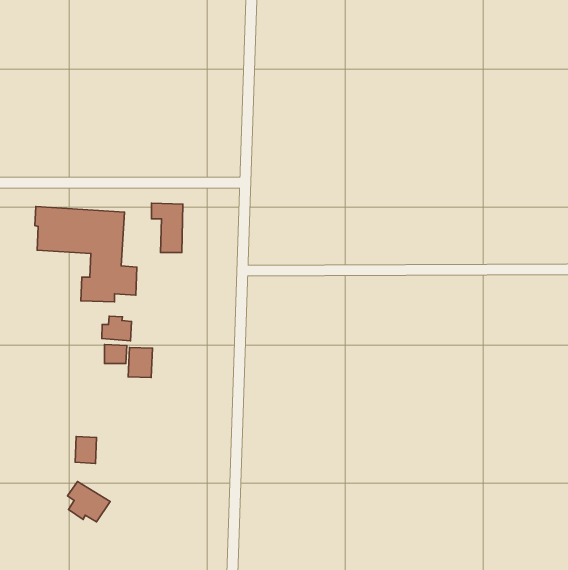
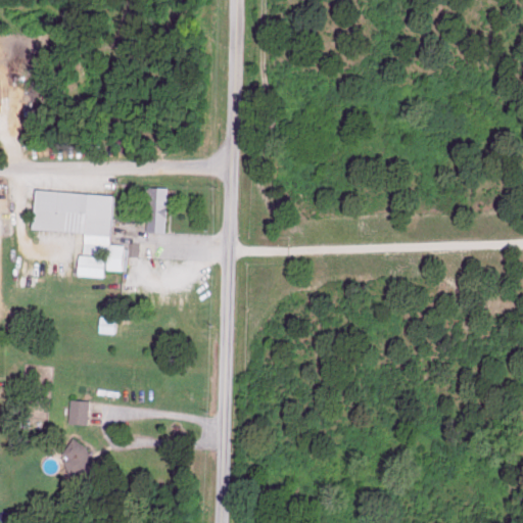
building: [102,316,132,341] -> none
building: [128,347,153,378] -> none

